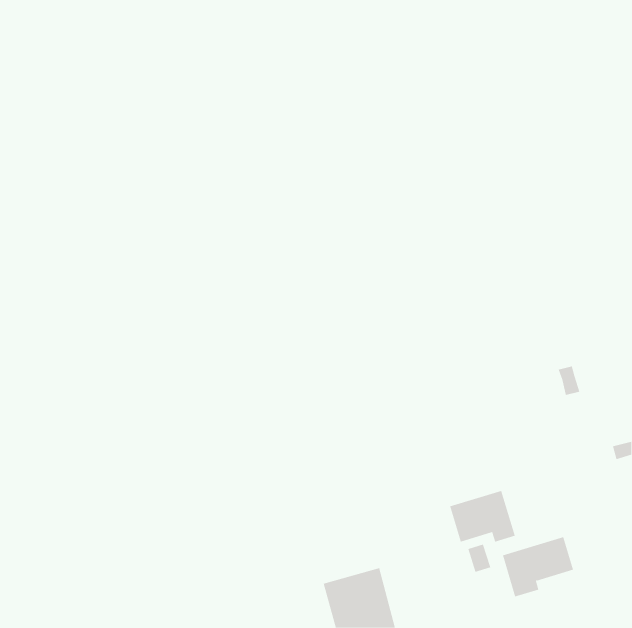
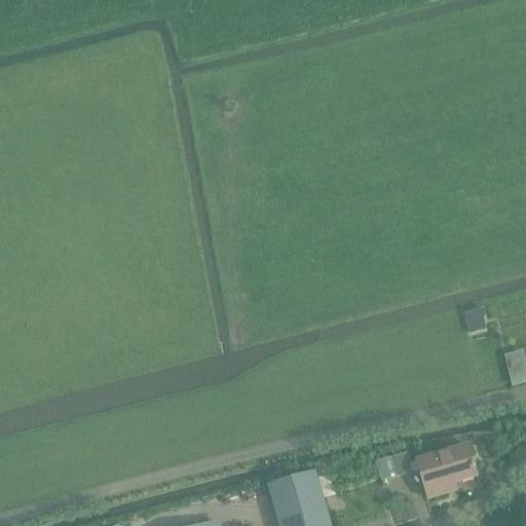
building: [449,490,516,542] -> none

